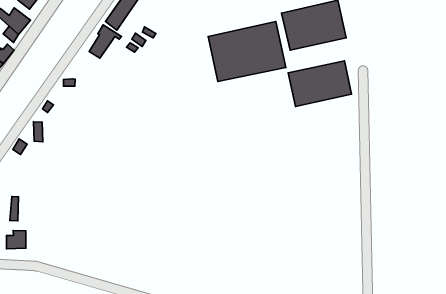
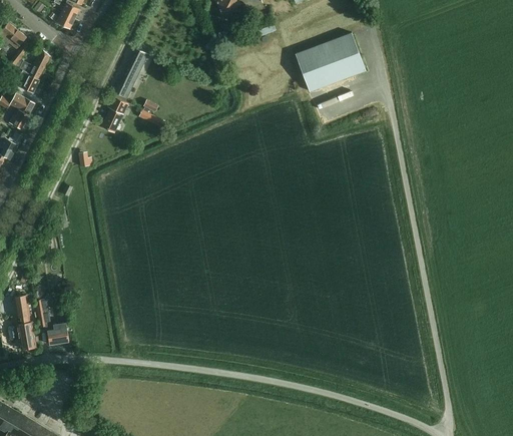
building: [208,22,286,81] -> none
building: [288,61,352,107] -> none

